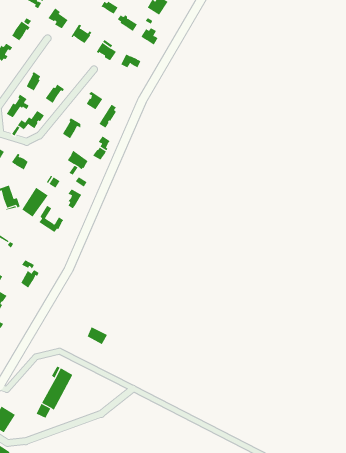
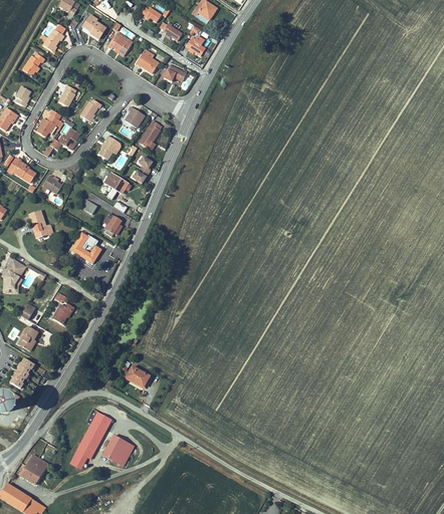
building: [21,187,48,218] -> none
building: none -> [103,436,134,466]

